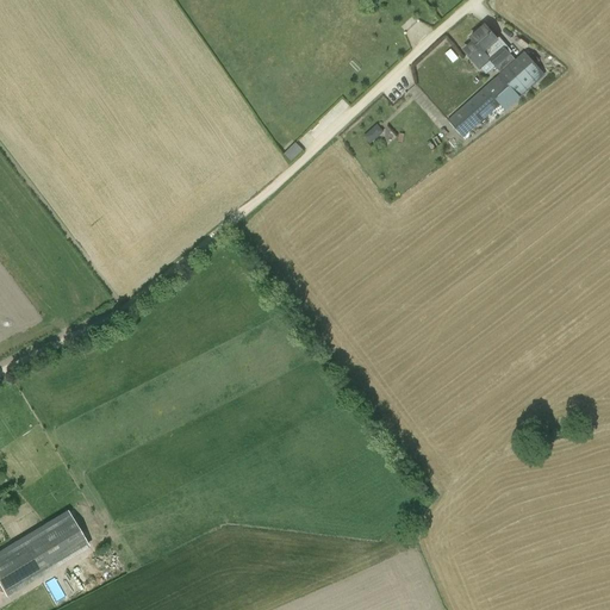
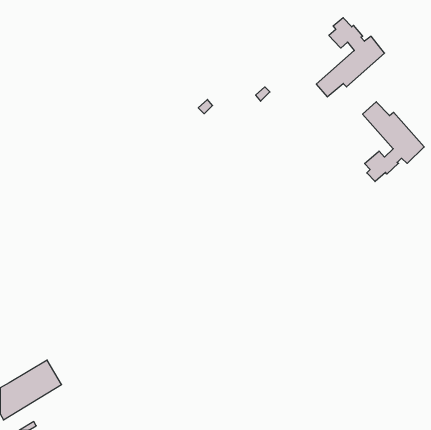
building: none -> [363,102,424,182]

